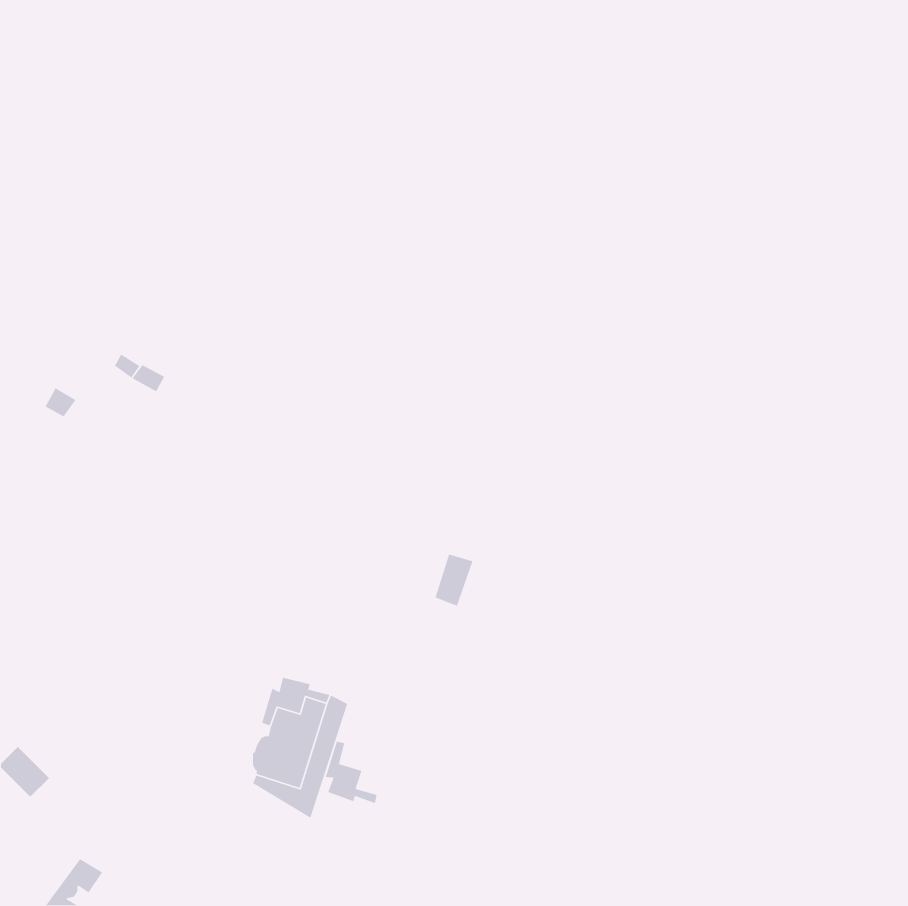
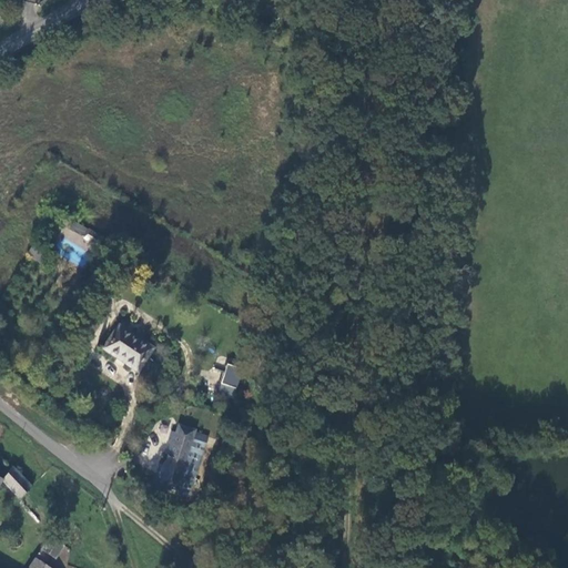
building: none -> [99,325,148,372]
building: [434,554,474,607] -> [219,363,243,396]
building: [325,741,378,804] -> none

